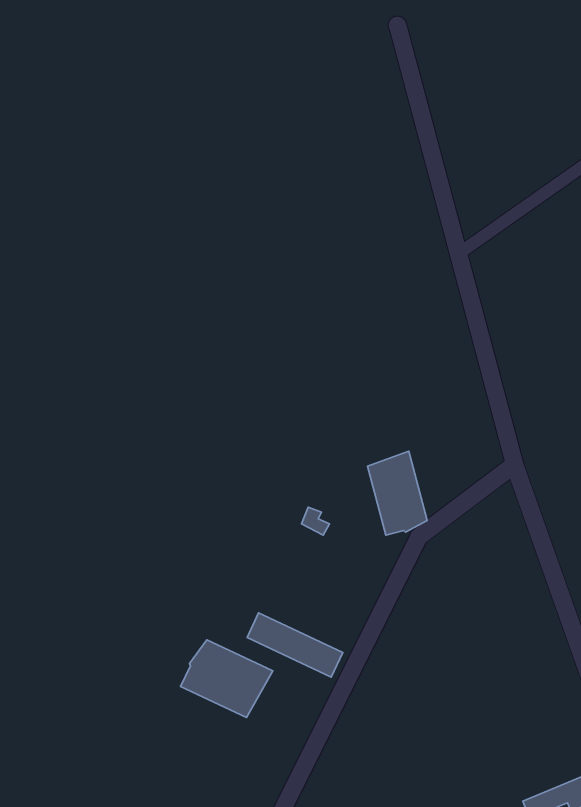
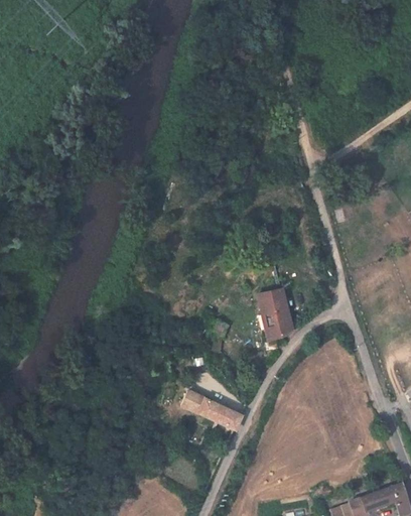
building: [181,640,273,717] -> none

